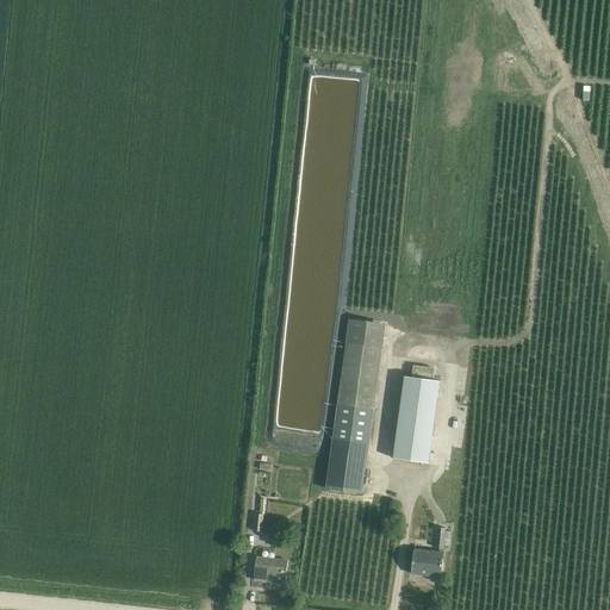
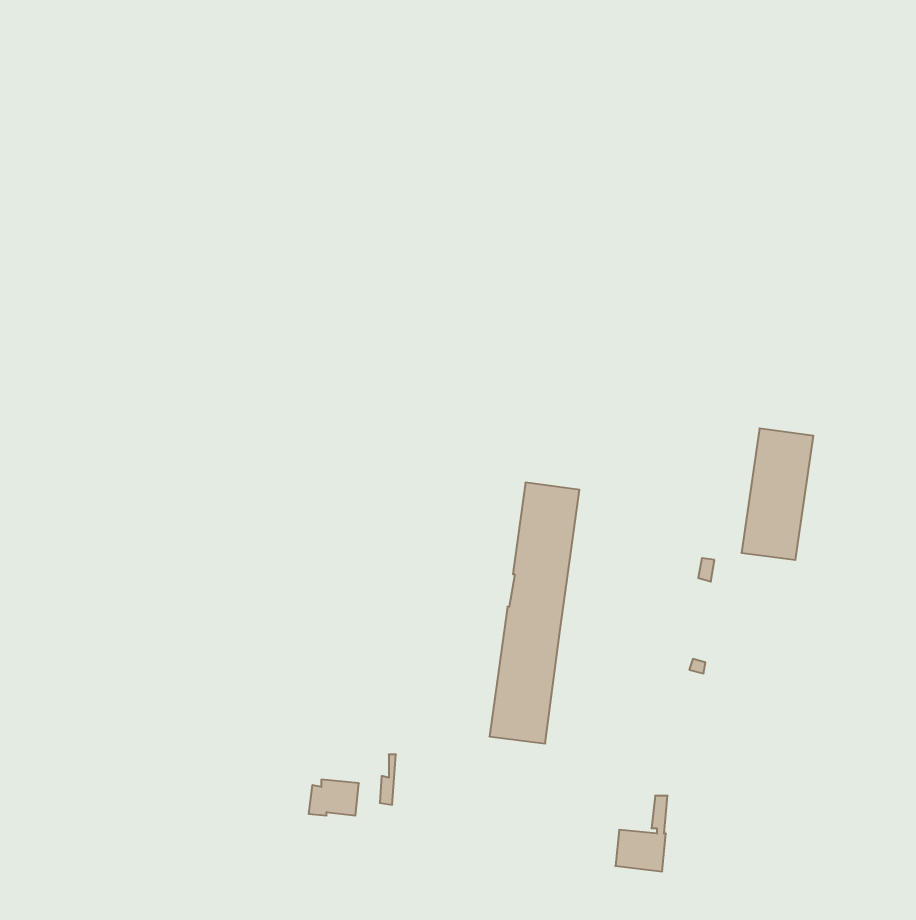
building: [391,376,438,463] -> [741,428,813,560]
building: [250,558,284,581] -> [309,780,359,816]

